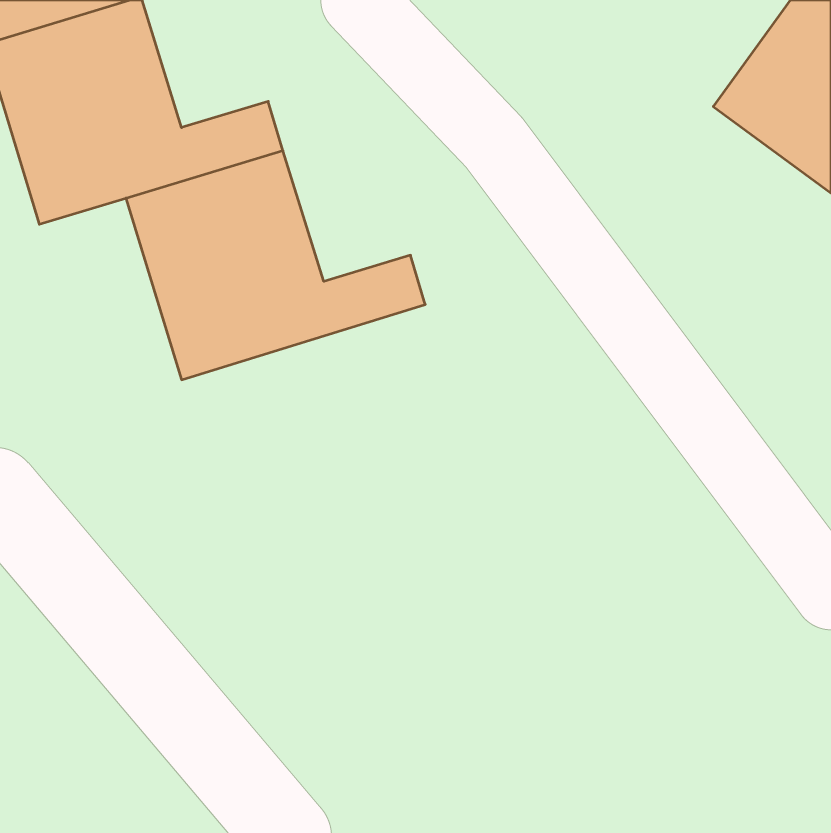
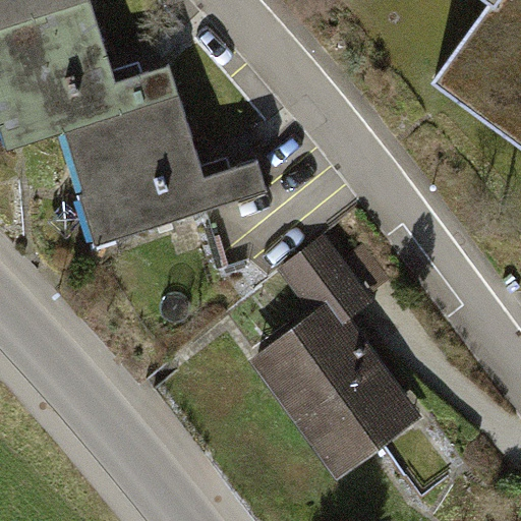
building: none -> [255,242,412,472]

